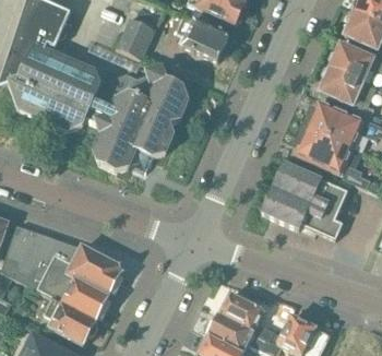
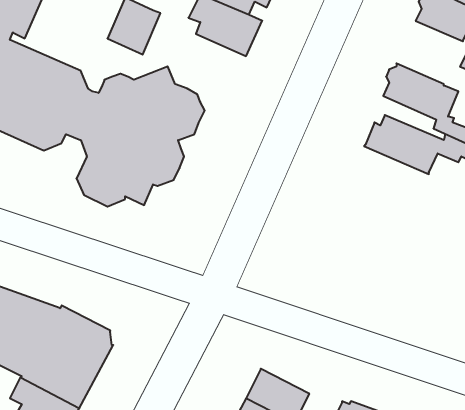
building: [329,43,374,80] -> none
building: [299,126,370,187] -> none
building: [261,161,347,237] -> none

